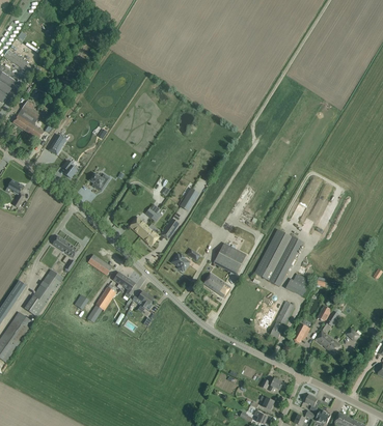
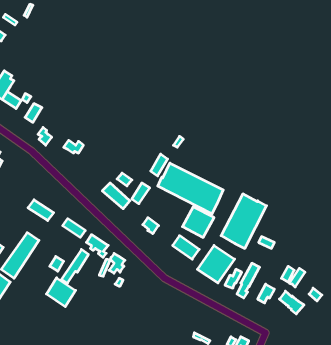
building: none -> [158,163,223,214]
building: none -> [197,245,235,283]
building: none -> [46,278,76,307]

